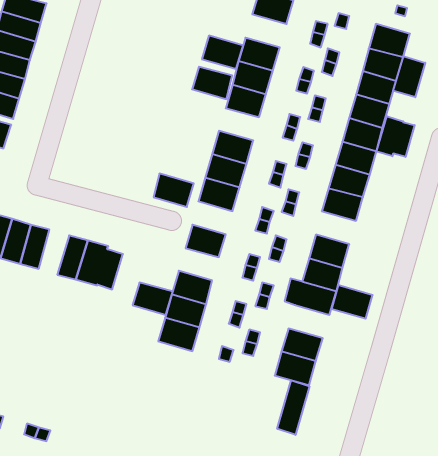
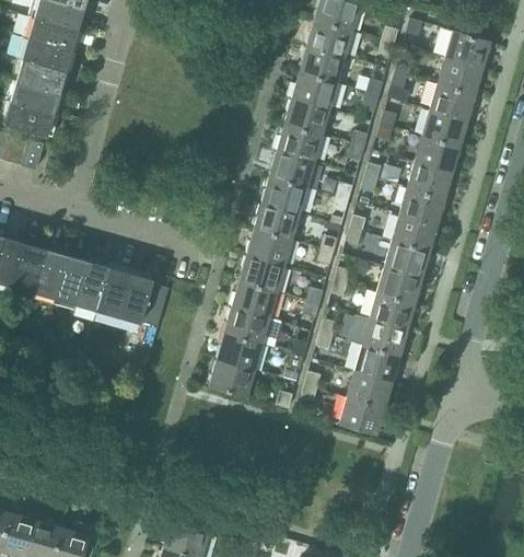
building: [202,36,243,69] -> [306,21,352,58]
building: [393,56,425,97] -> none
building: [192,67,232,99] -> [277,126,322,162]
building: [377,116,415,157] -> none
building: [154,174,194,207] -> [247,230,292,267]
building: none -> [385,241,430,278]
building: none -> [75,262,109,312]
building: [133,283,173,315] -> [232,282,277,318]
building: [331,285,373,319] -> [354,346,400,383]
building: [277,380,309,435] -> none

